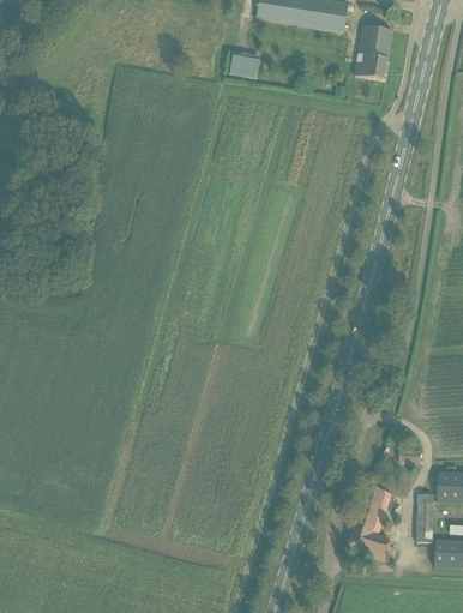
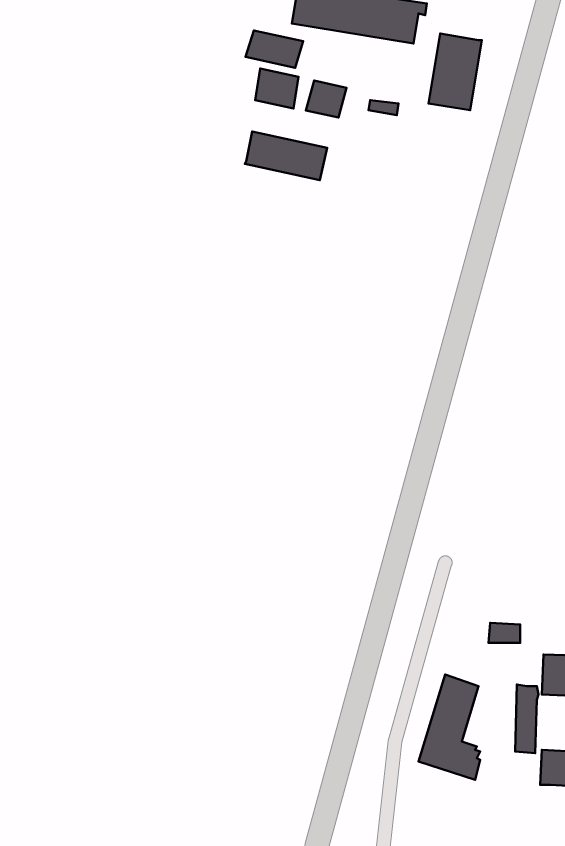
building: none -> [246,30,303,68]
building: none -> [306,81,347,118]
building: none -> [245,131,327,180]

